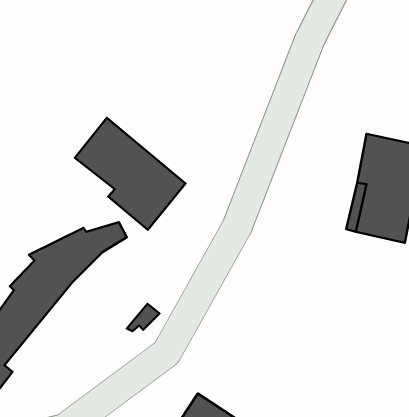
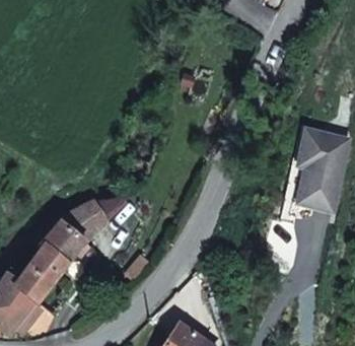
building: [75,118,185,230] -> none

